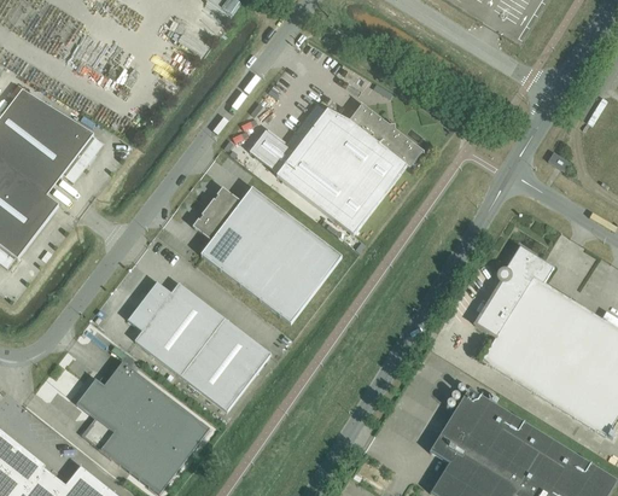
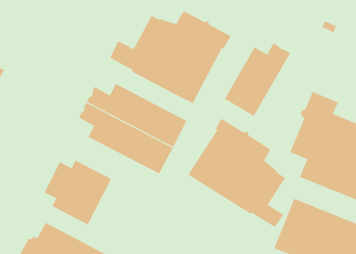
building: none -> [224,42,291,117]
building: none -> [188,118,286,228]
building: [181,317,272,410] -> none

